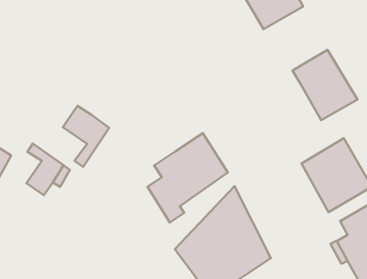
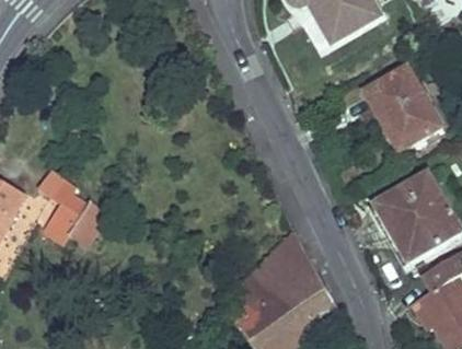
building: [63,106,109,167] -> none
building: [148,133,228,223] -> none

